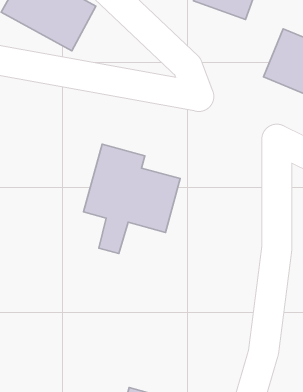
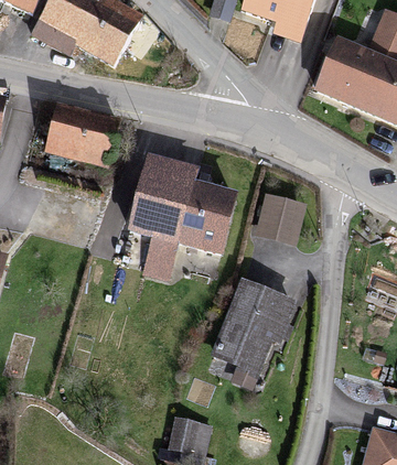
building: none -> [46,109,115,167]
building: none -> [258,196,302,239]
building: none -> [212,283,289,375]

